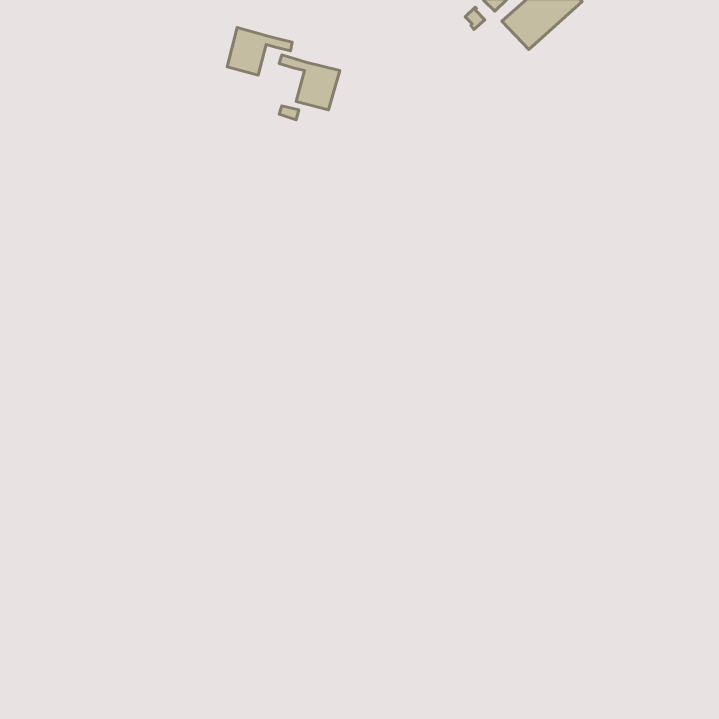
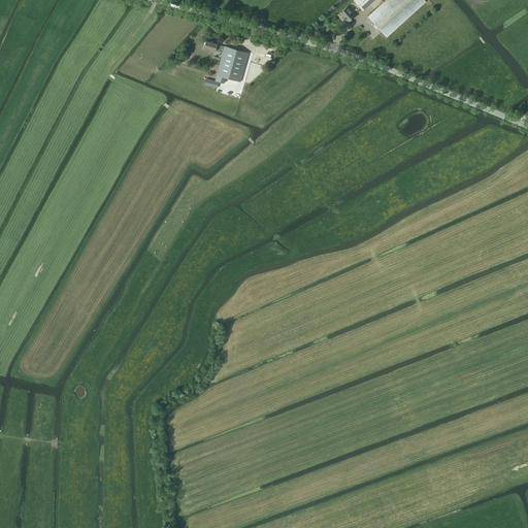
building: [227,27,292,75] -> none

